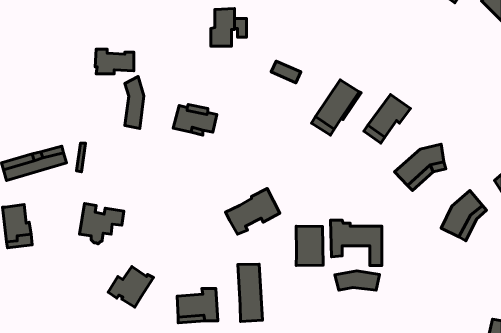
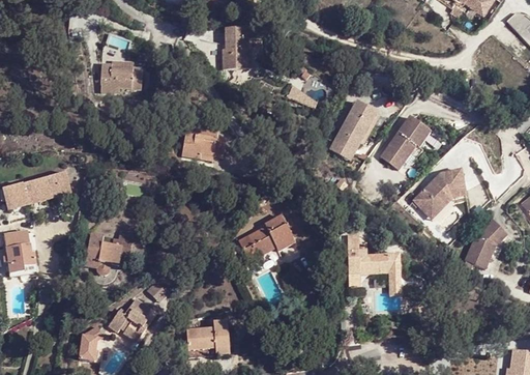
building: [125,77,144,129] -> none
building: [296,226,323,266] -> none
building: [238,264,262,322] -> none
building: [335,271,379,290] -> none
building: none -> [78,323,101,358]

